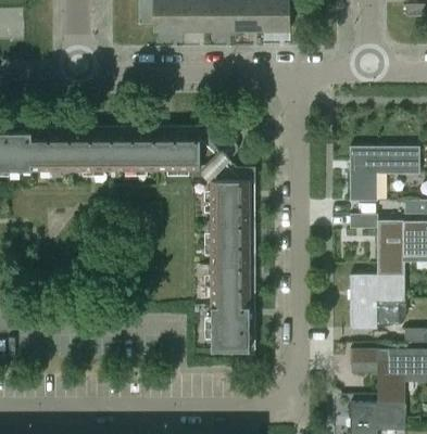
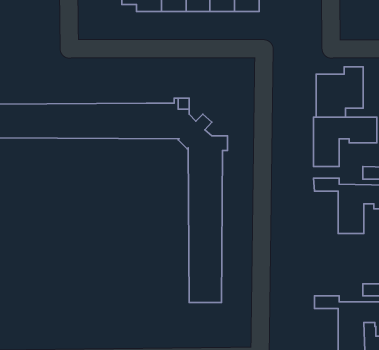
building: none -> [316,67,363,117]
building: [351,276,405,330] -> none

